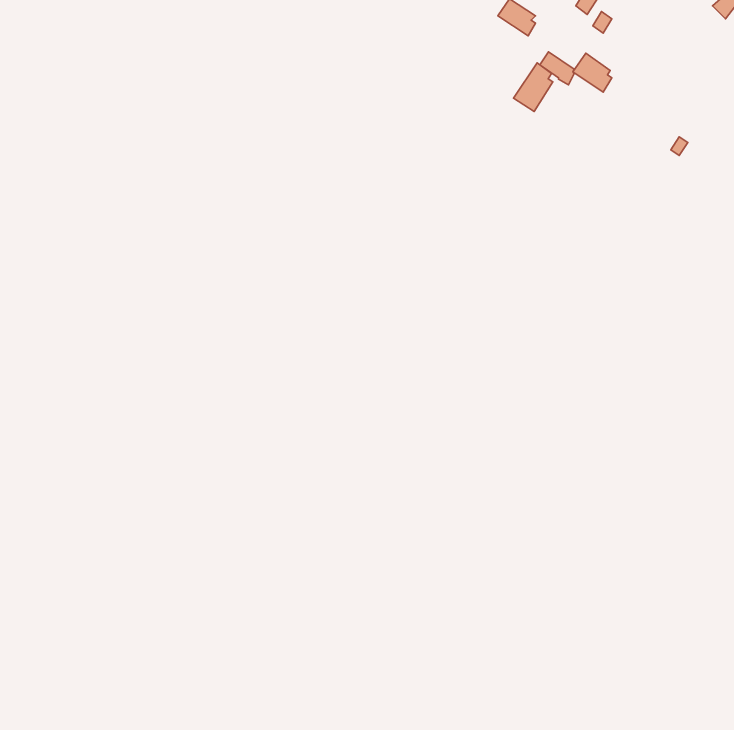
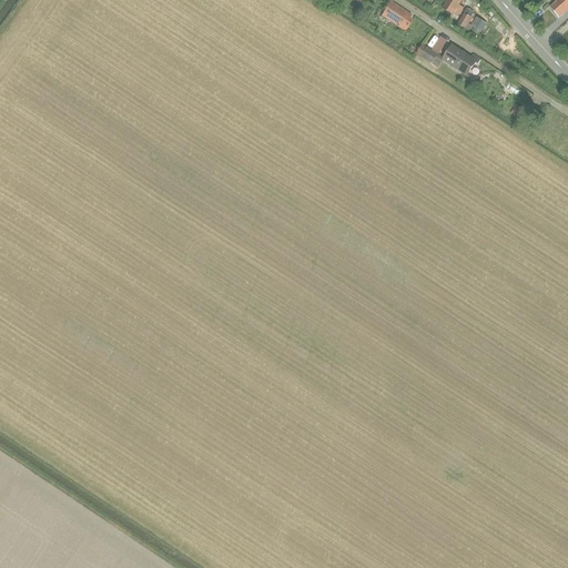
building: [513,63,553,111] -> none

